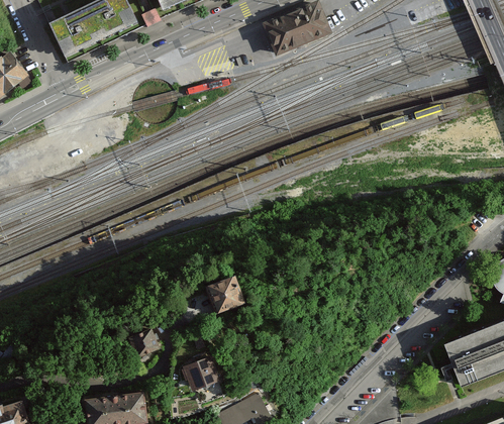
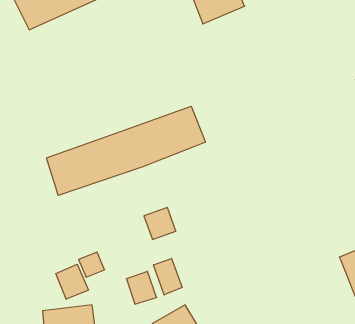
building: none -> [47,106,206,195]
building: none -> [154,258,182,295]
building: none -> [56,264,89,299]

